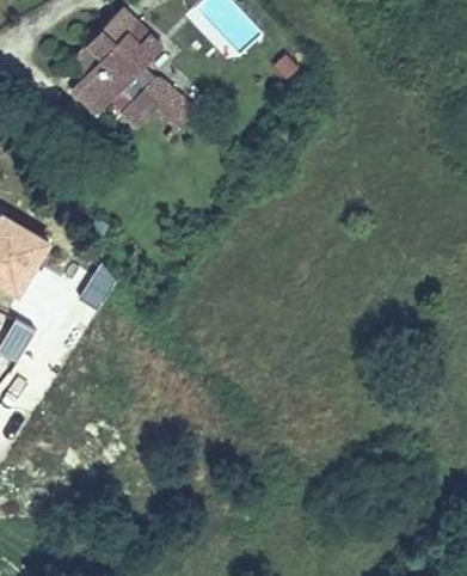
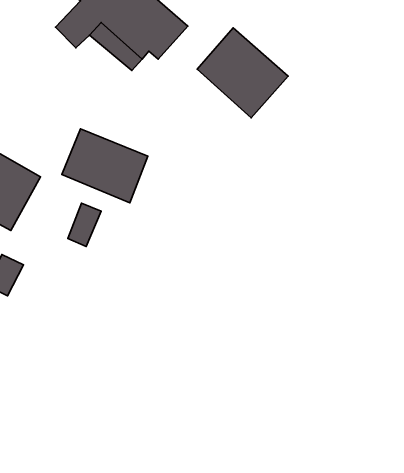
building: none -> [197,28,288,118]
building: none -> [62,129,148,203]

